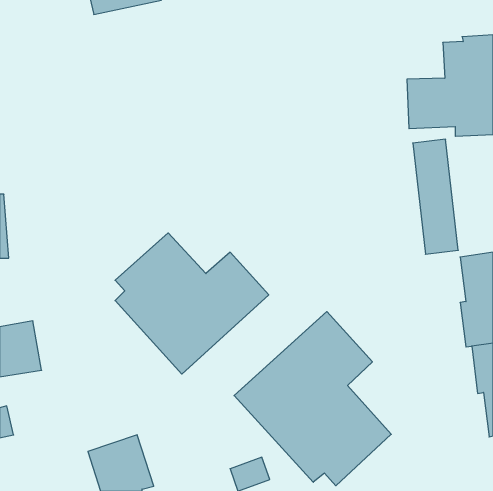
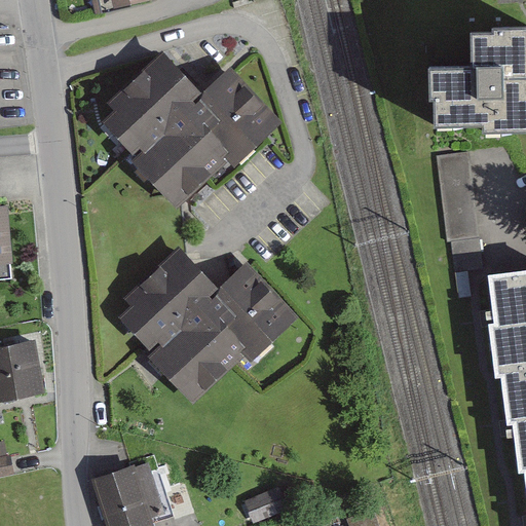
building: none -> [102,53,285,205]
building: [234,312,391,486] -> none

